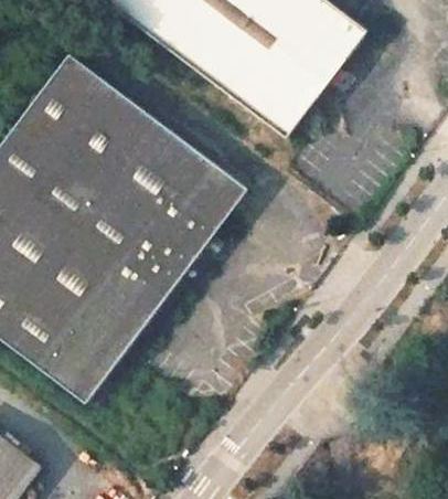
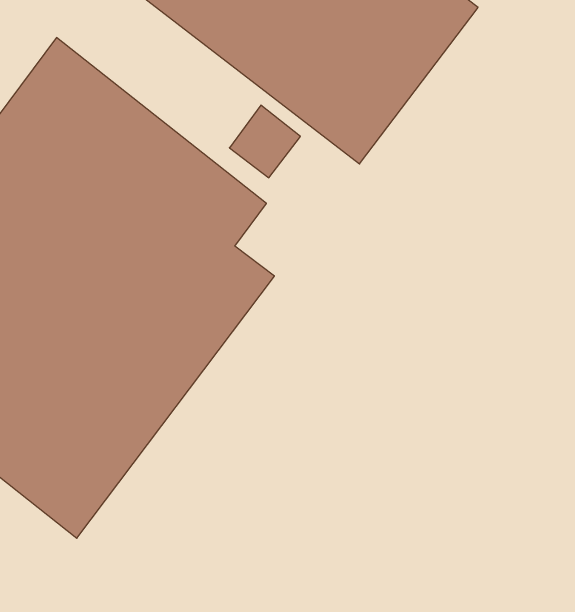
building: [198,166,247,216] -> [229,105,300,178]

